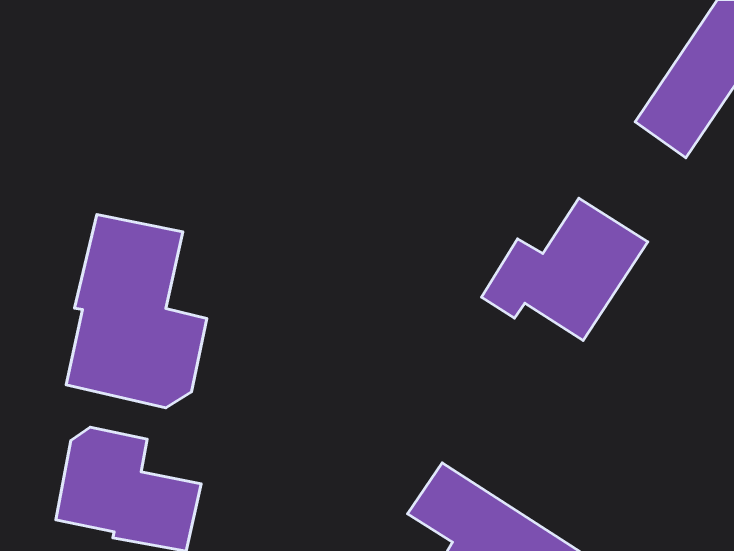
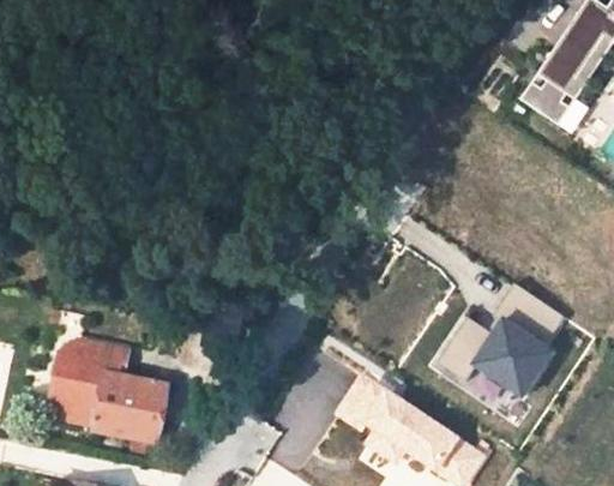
building: [482,198,648,340] -> [438,284,571,398]
building: [66,215,207,408] -> none

